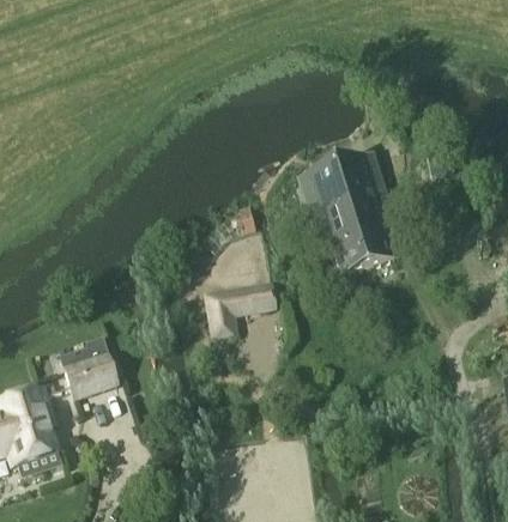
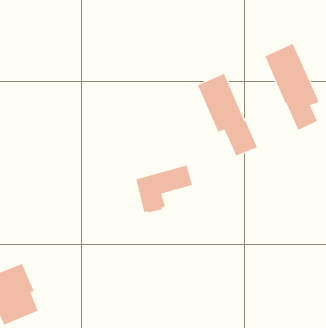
building: [334,151,400,266] -> [264,43,320,130]
building: [62,351,119,399] -> none

